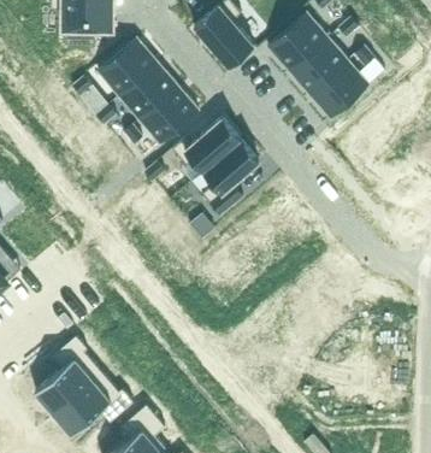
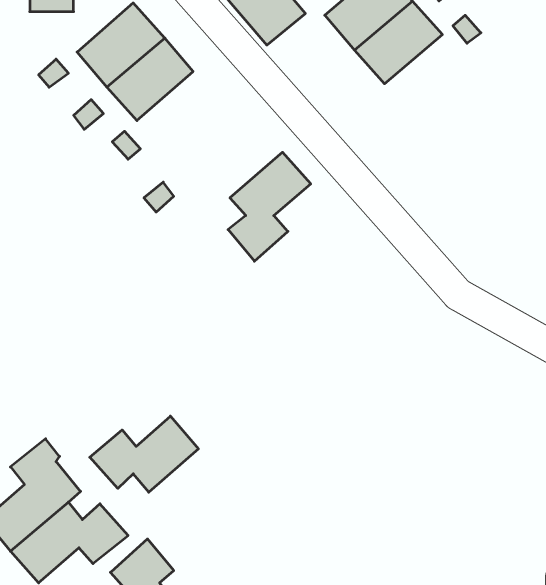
building: [308,60,368,118] -> none
building: [138,86,199,143] -> none
building: [171,119,238,172] -> none
building: none -> [90,416,198,492]

